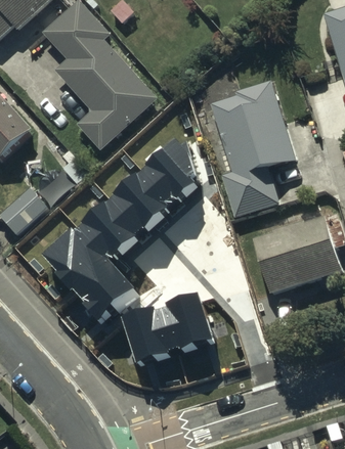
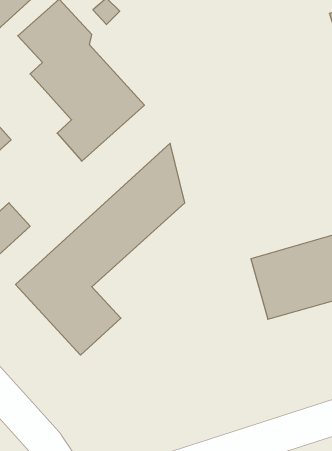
building: [211,80,297,219] -> none
building: [121,294,213,367] -> none

